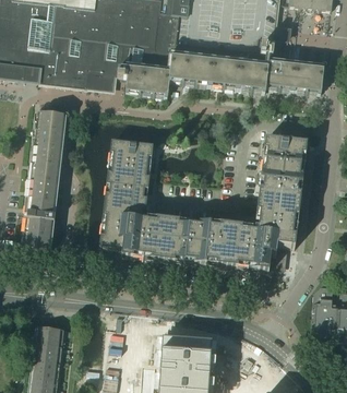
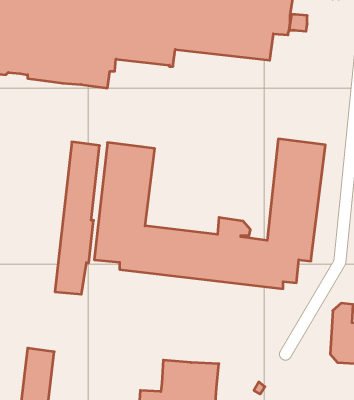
building: [118,43,324,96] -> none
building: [24,112,64,250] -> [55,142,100,294]

